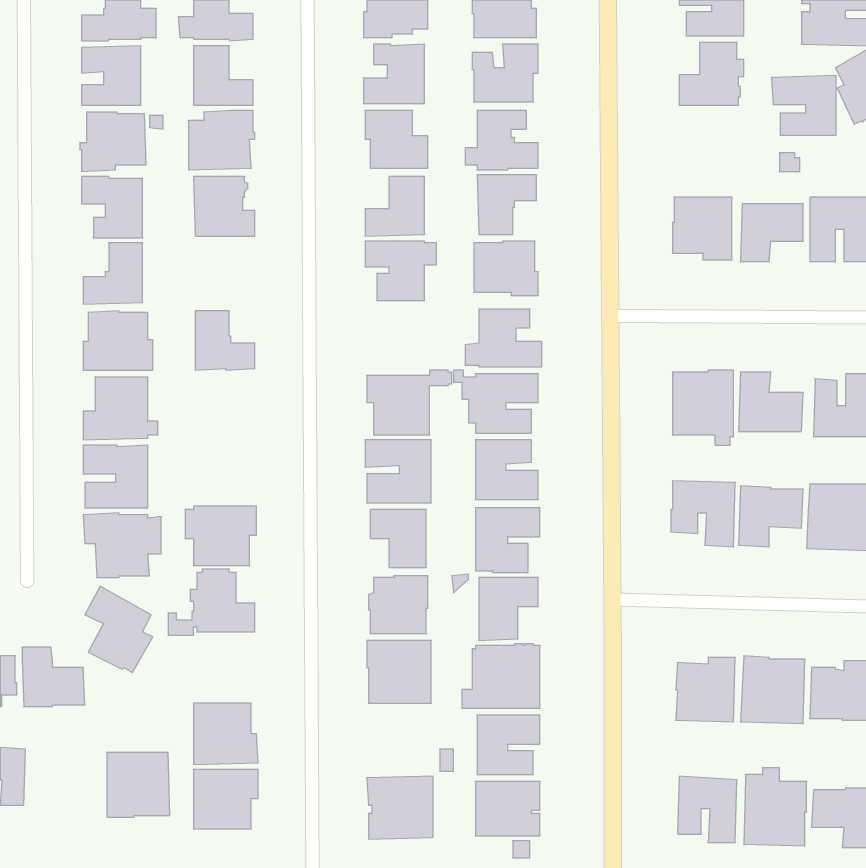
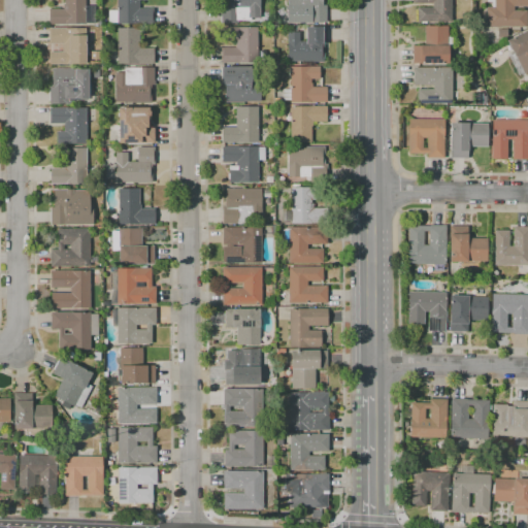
building: [772,76,836,135] -> [414,67,453,103]
building: none -> [117,147,156,183]
building: none -> [223,188,263,224]
building: none -> [113,229,155,264]
building: none -> [110,268,157,304]
building: none -> [119,388,158,424]
building: none -> [225,430,264,467]
building: none -> [19,455,58,495]

